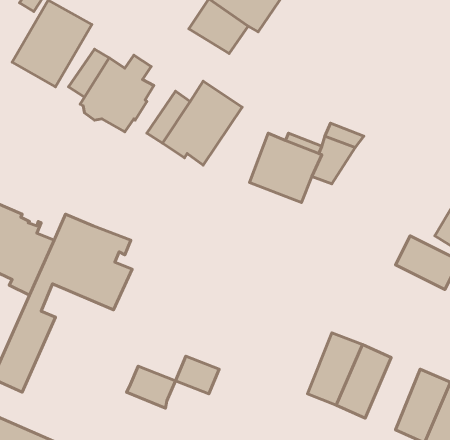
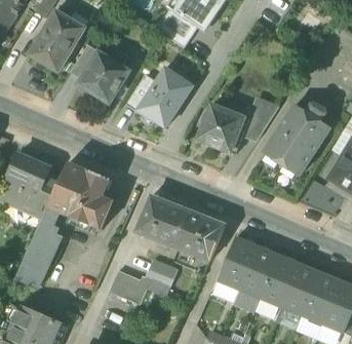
building: none -> [264,102,330,178]
building: none -> [135,195,226,261]
building: none -> [218,236,257,289]
building: none -> [280,263,319,314]

